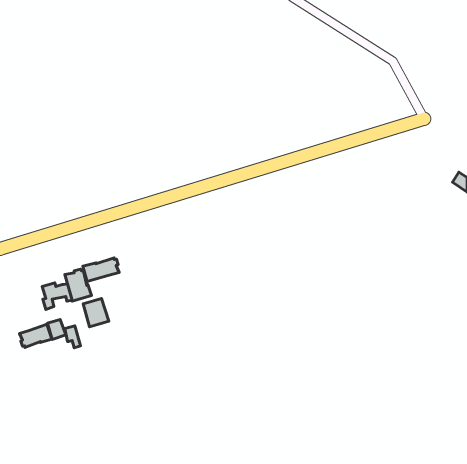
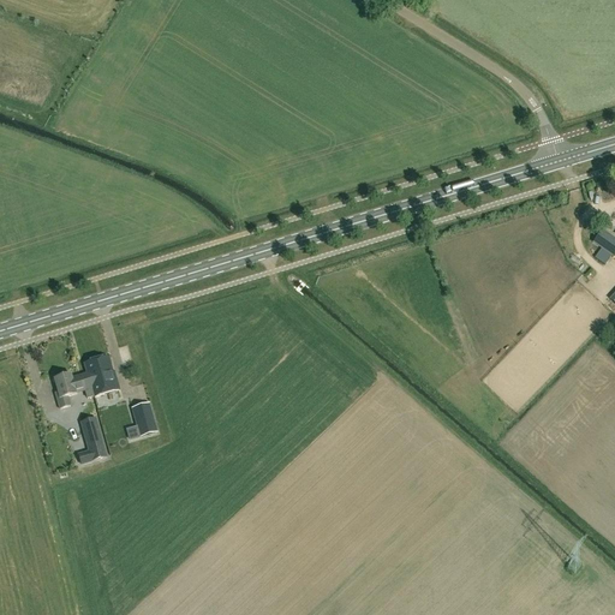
building: [83,258,119,282] -> none
building: [20,324,52,347] -> none

